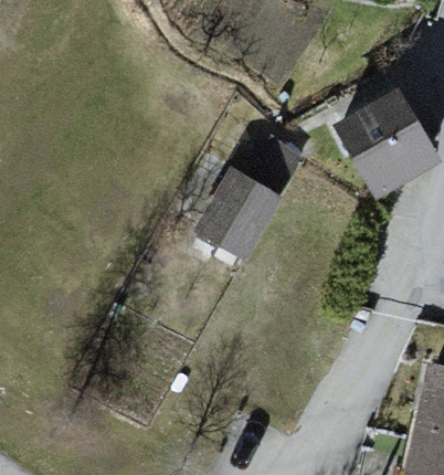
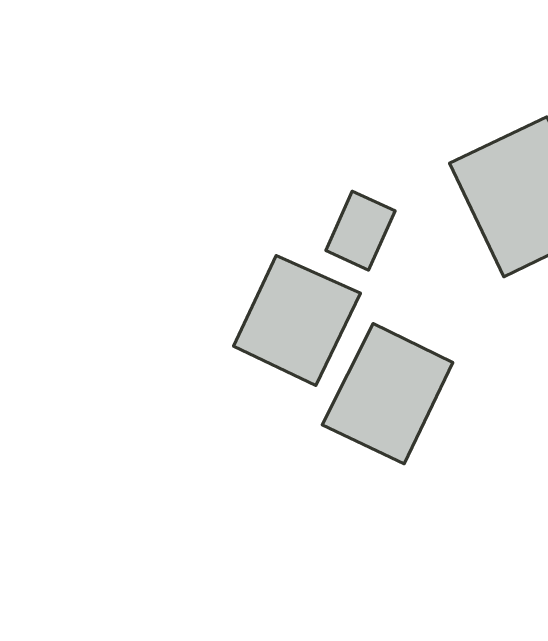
building: none -> [322,324,453,464]

